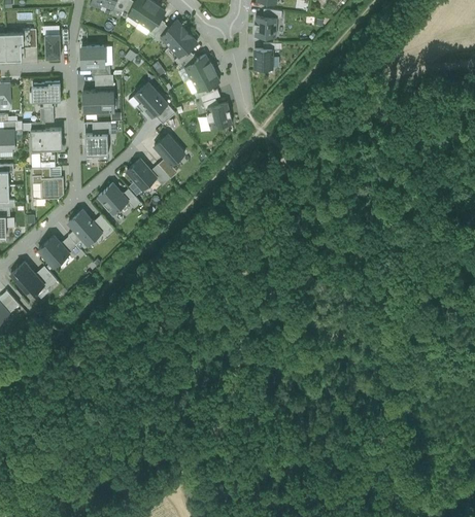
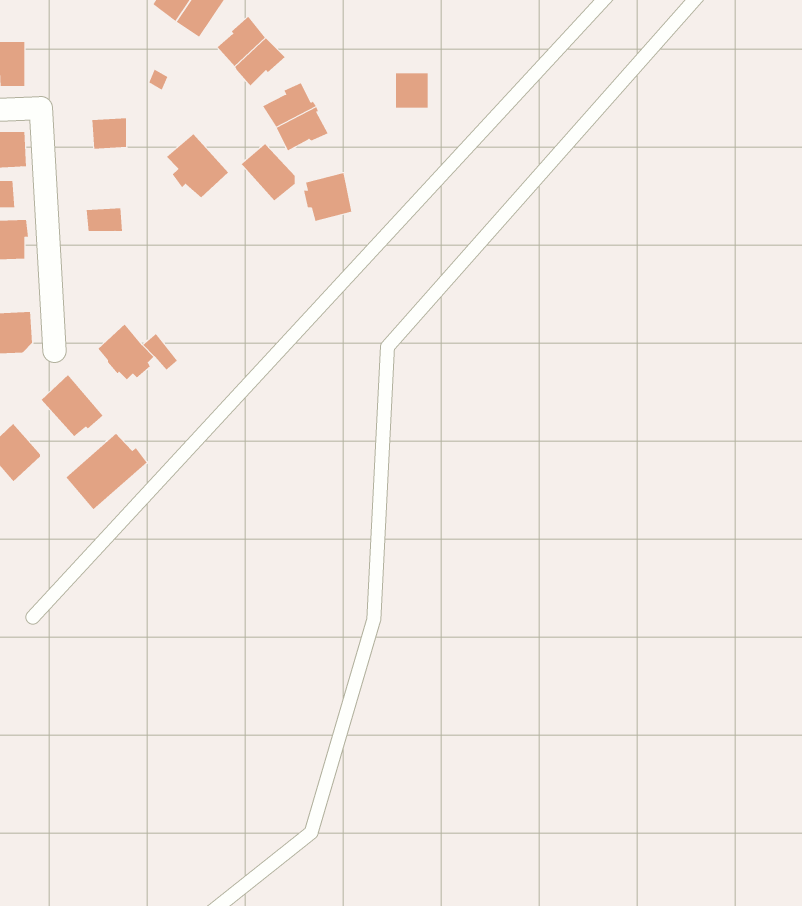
building: [253,18,277,38] -> none
building: [81,46,104,67] -> none
building: [82,91,114,112] -> none
building: [84,135,108,157] -> none
building: [154,135,182,166] -> [241,143,296,201]
building: [125,158,157,189] -> none
building: none -> [65,433,147,510]

